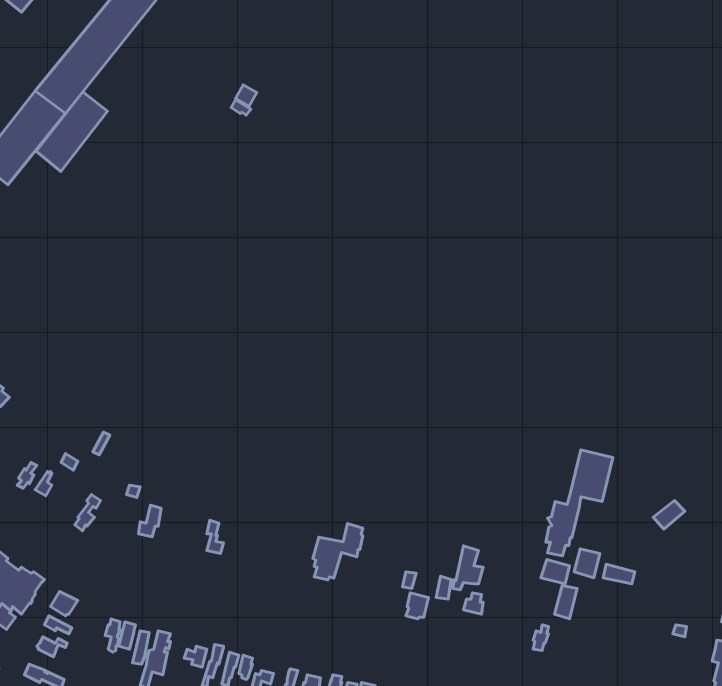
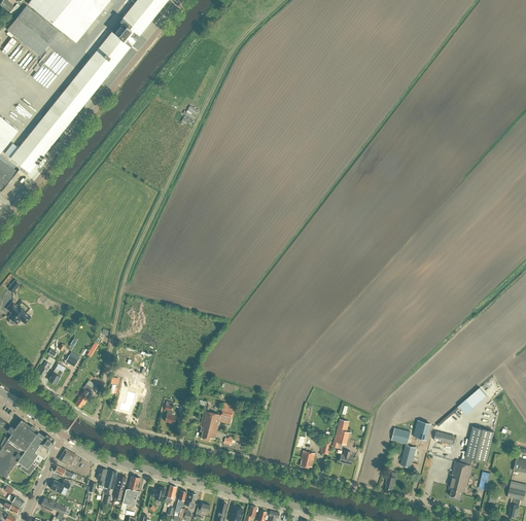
building: [36,92,107,172] -> none
building: [546,450,613,556] -> [449,426,494,498]
building: [313,524,363,580] -> [200,402,234,440]

